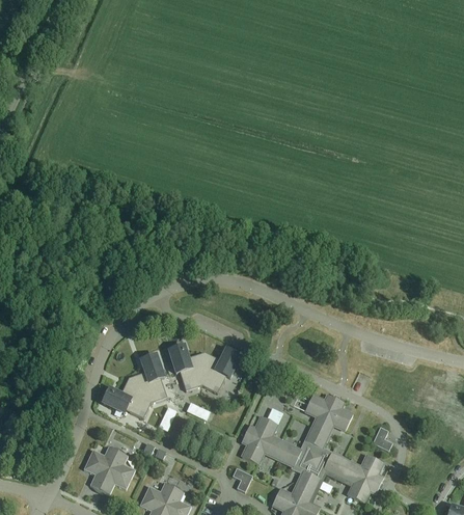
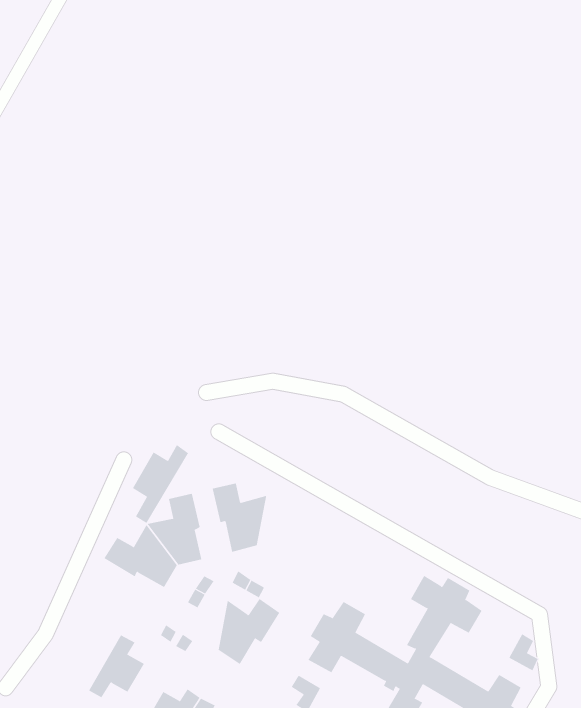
building: none -> [132,444,189,524]
building: [202,349,241,394] -> [218,598,280,665]
building: [84,446,118,490] -> none

